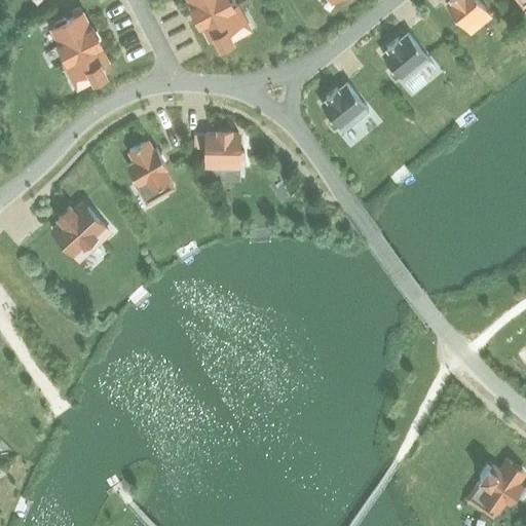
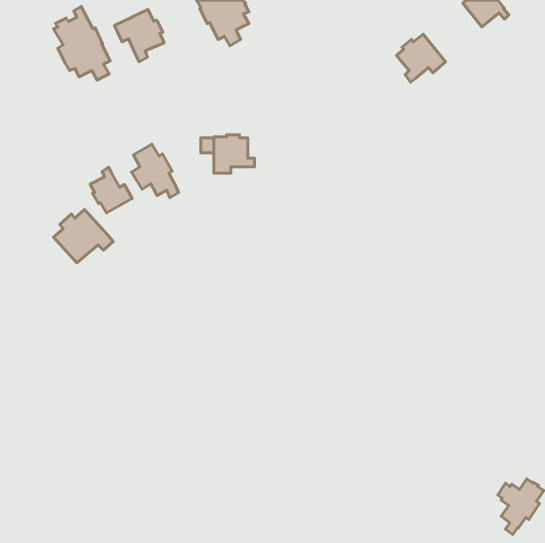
building: none -> [114,10,164,62]
building: [322,85,369,132] -> none
building: none -> [90,167,132,213]

